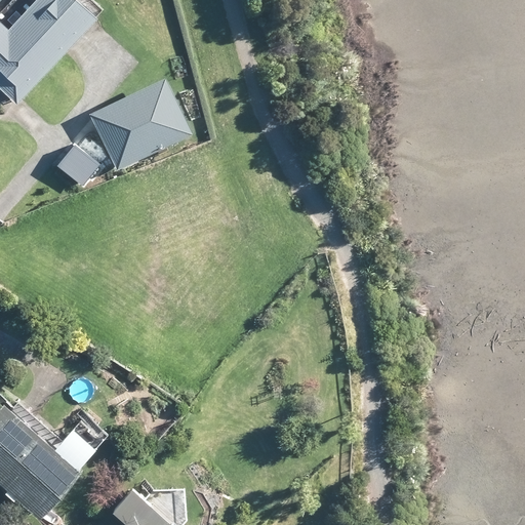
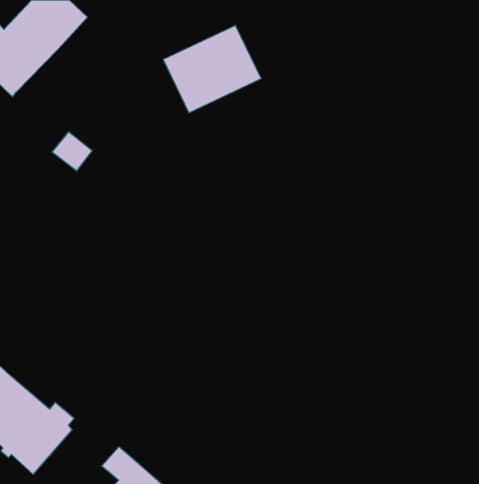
building: [89,78,195,172] -> [163,25,261,113]

